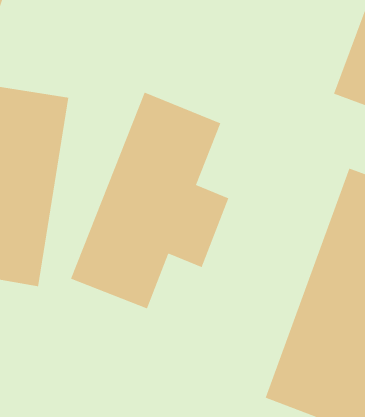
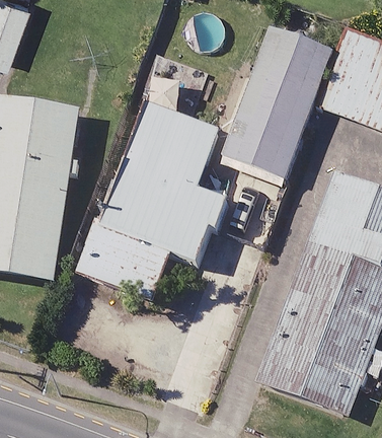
building: none -> [222,27,330,182]

